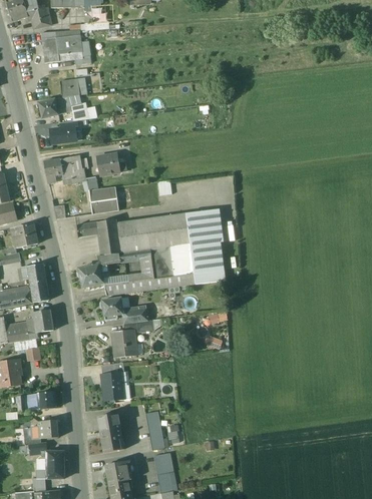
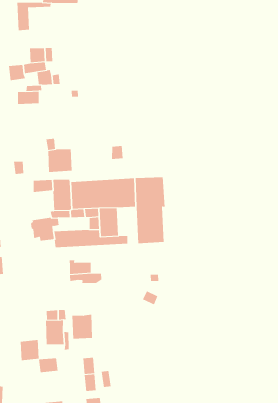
building: [55,34,86,61] -> none
building: [95,153,119,175] -> none
building: [43,155,85,182] -> none
building: [169,243,195,285] -> none
building: [96,298,122,321] -> none
building: [111,329,136,358] -> [72,314,93,339]
building: [100,429,123,454] -> [20,339,39,361]

